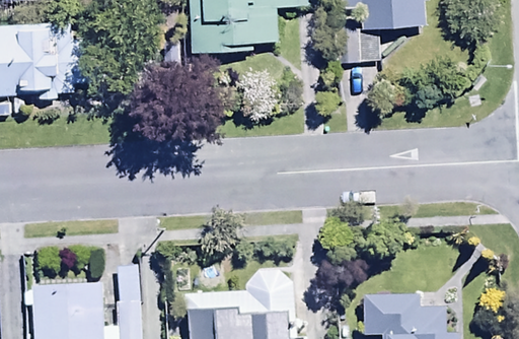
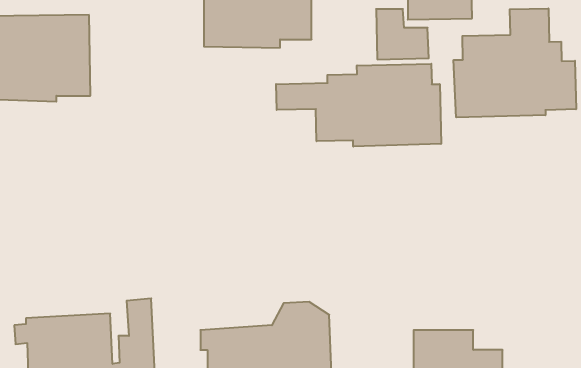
building: none -> [454,8,576,117]
building: none -> [276,64,441,147]

